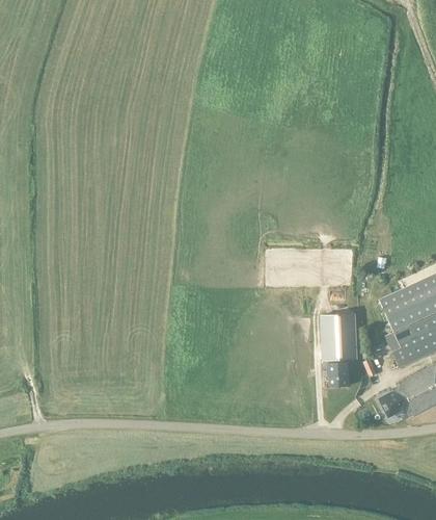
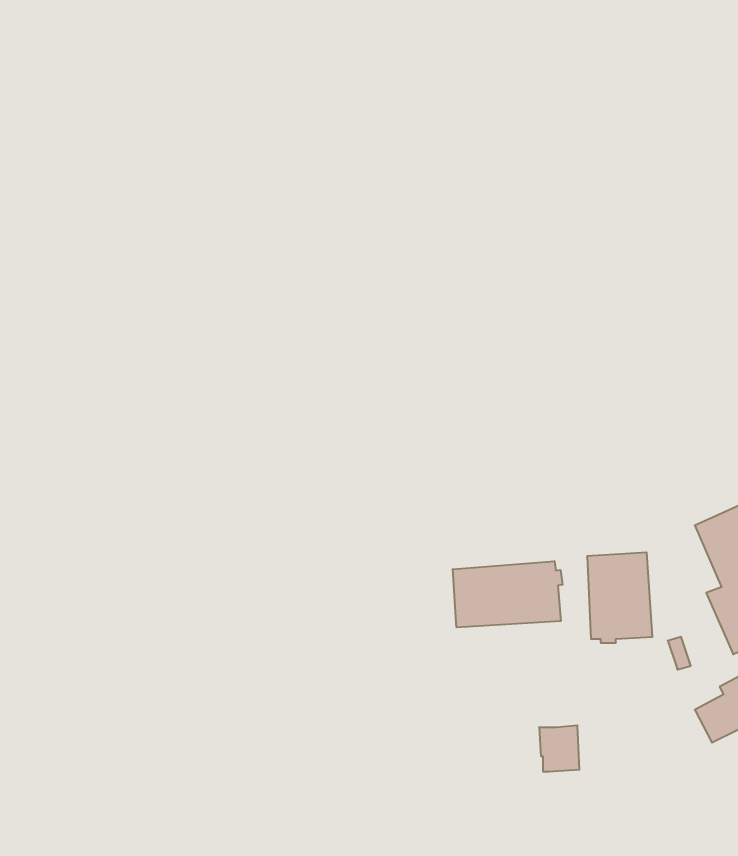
building: none -> [453,561,563,627]
building: [327,361,349,386] -> [539,725,579,772]

